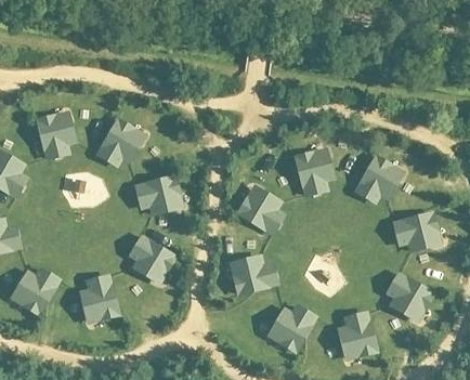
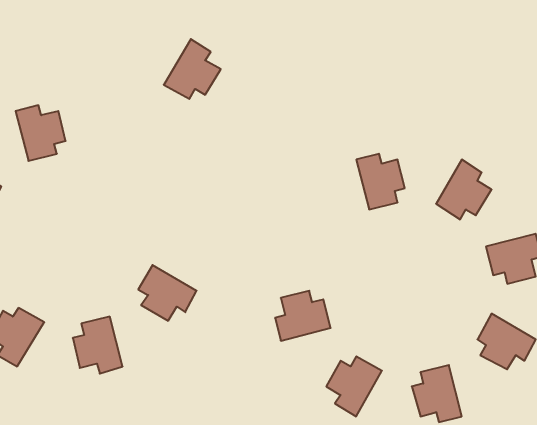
building: [97,120,141,166] -> [164,39,221,99]
building: [136,178,179,214] -> none
building: [238,191,283,234] -> none

